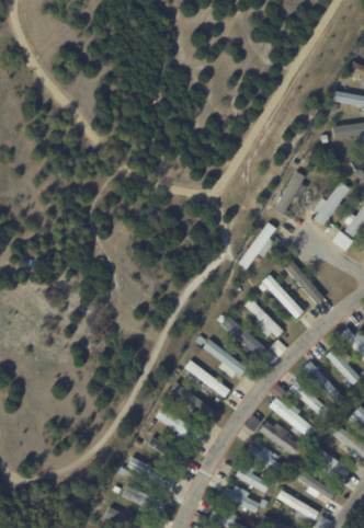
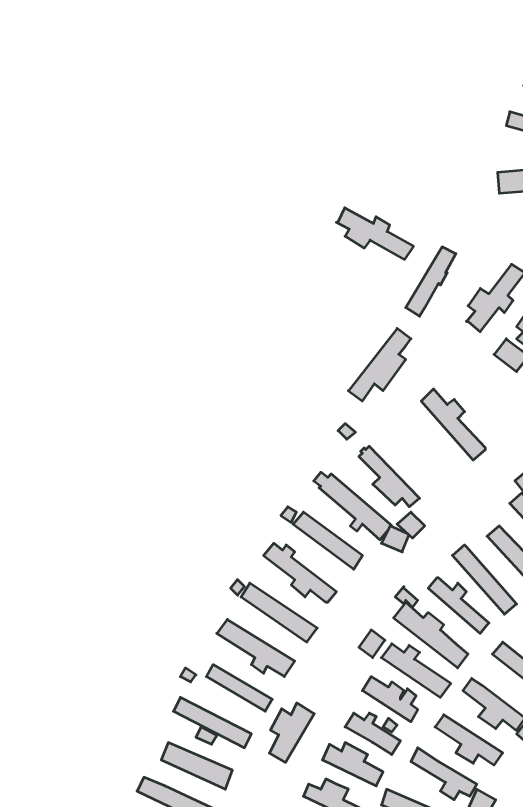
building: none -> [336,208,413,259]
building: [259,275,304,319] -> none
building: none -> [269,703,314,762]

